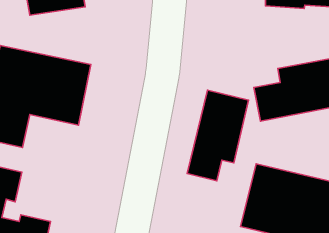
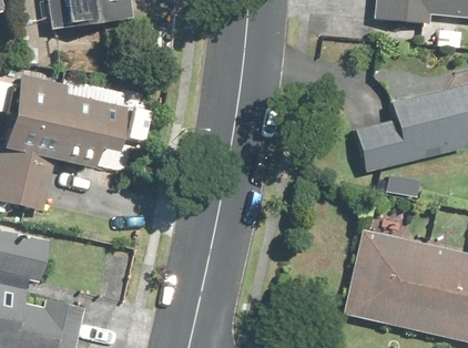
building: [187,90,249,181] -> none

